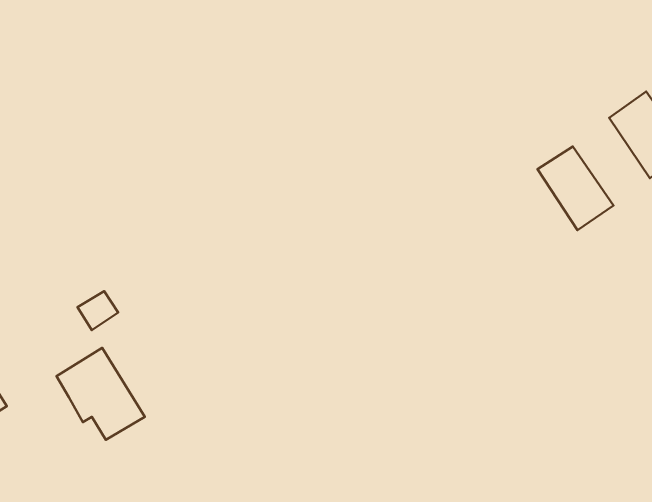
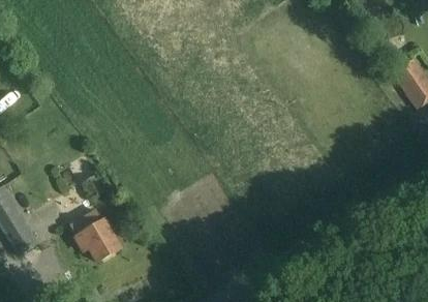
building: [537,146,613,230] -> none

